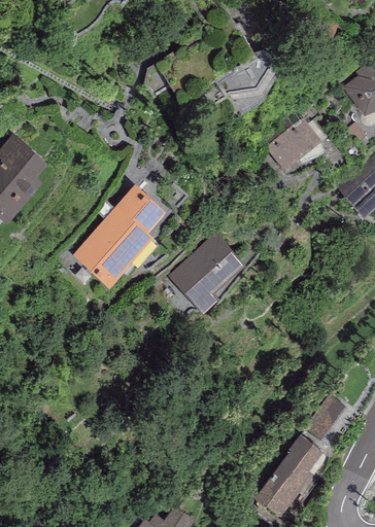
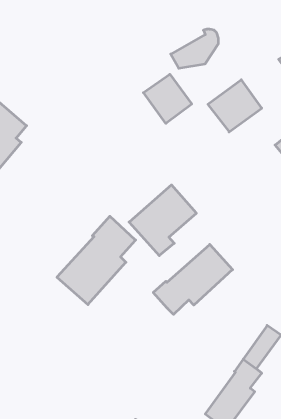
building: none -> [143,74,192,123]
building: [72,184,164,287] -> [57,216,136,305]
building: none -> [153,244,233,314]

